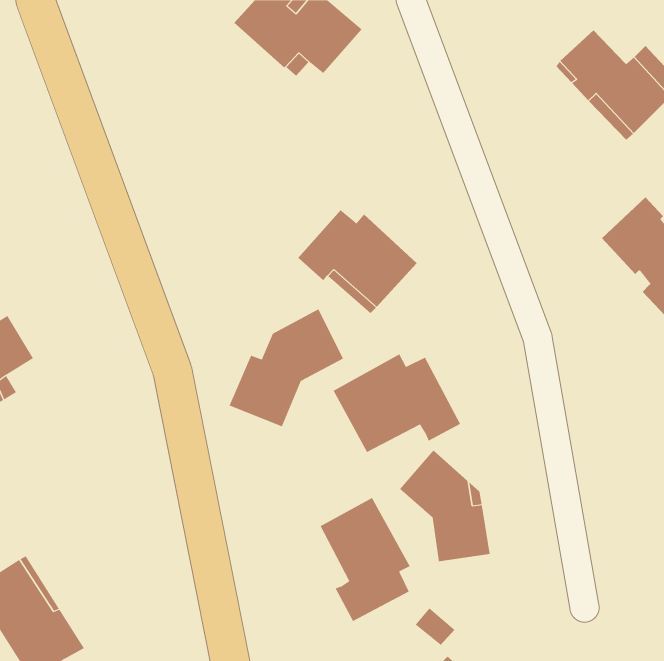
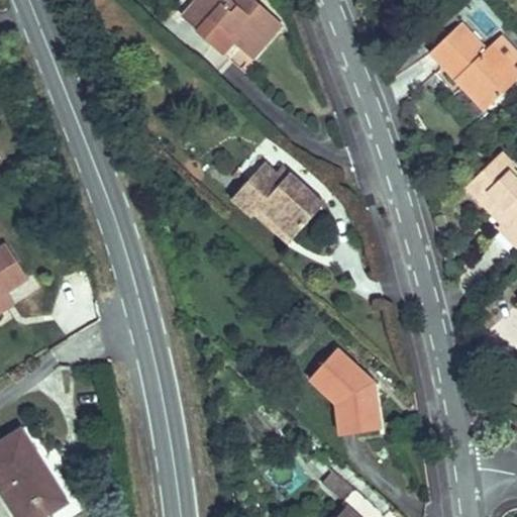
building: [229,308,344,427] -> none
building: [333,353,461,453] -> none
building: [320,497,411,622] -> none

